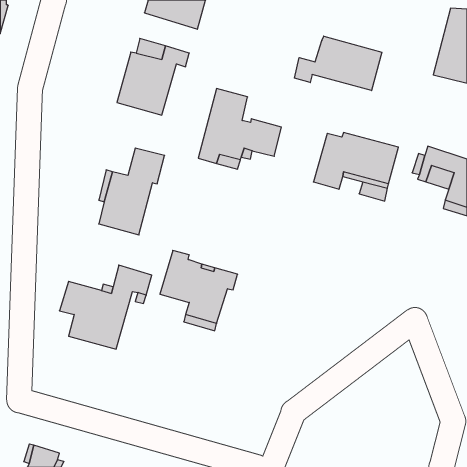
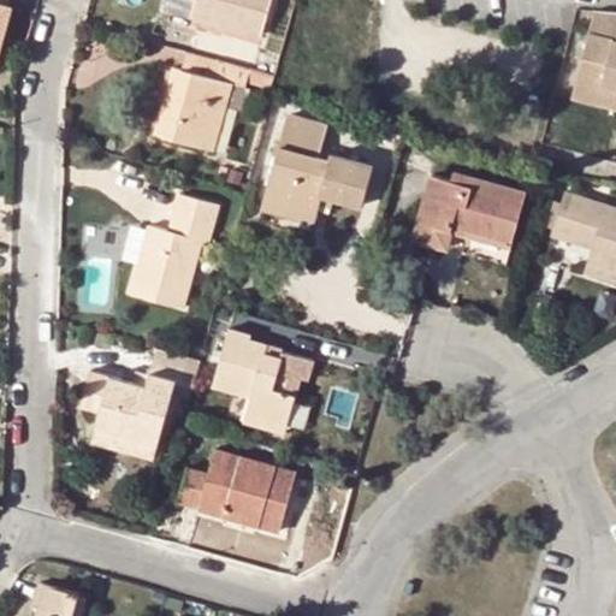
building: [294,36,382,91] -> none
building: none -> [177,451,295,535]

